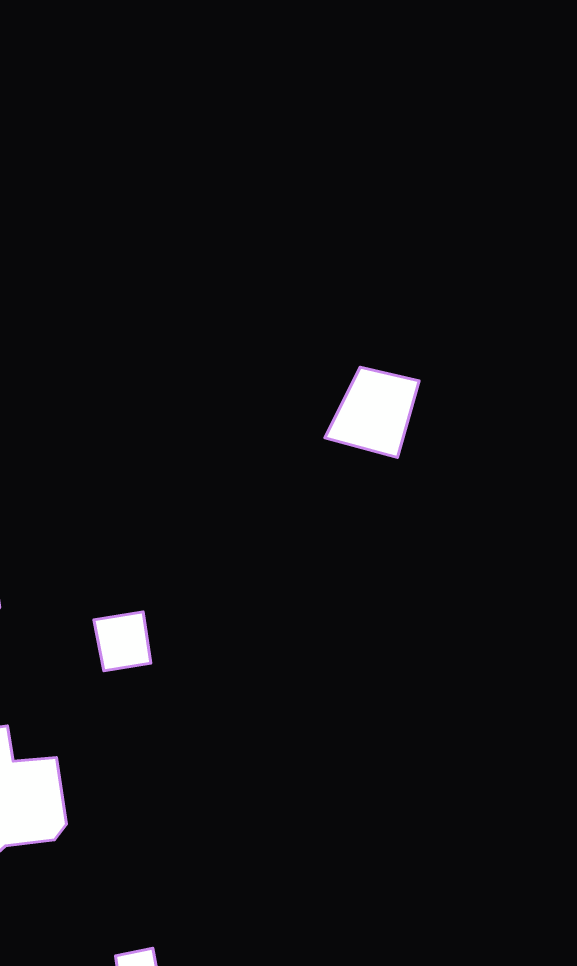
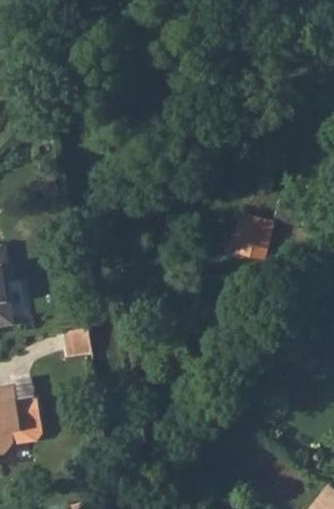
building: [325,367,419,458] -> [223,213,271,259]

